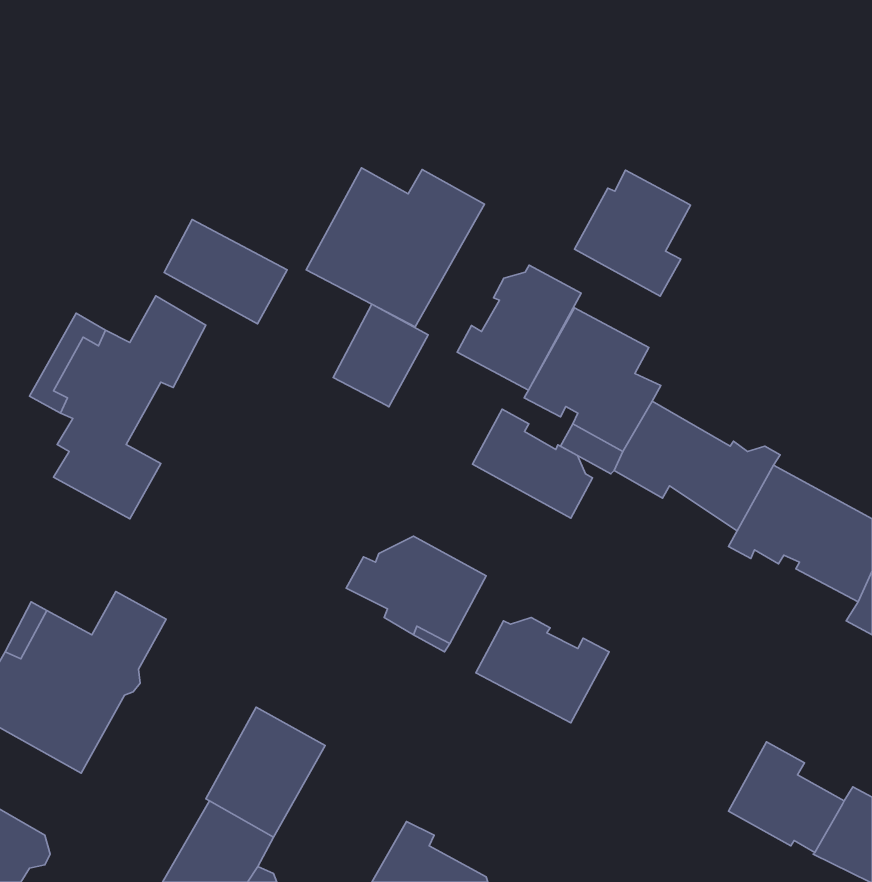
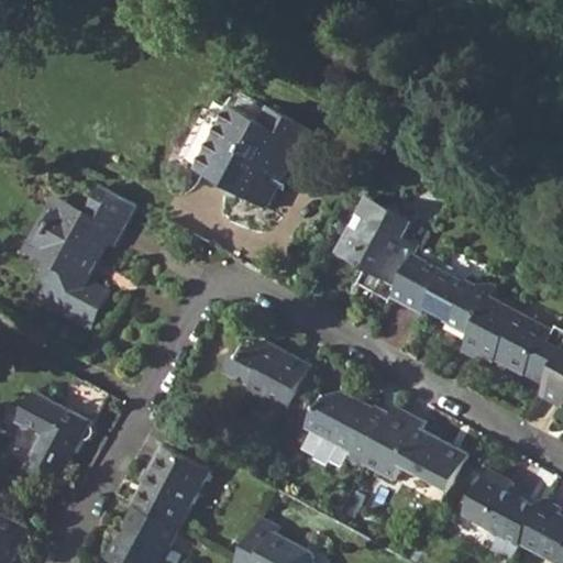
building: [574,170,691,296] -> none
building: [164,219,287,324] -> none
building: [457,265,581,390] -> none
building: [333,304,428,407] -> none
building: [473,409,593,518] -> none
building: none -> [360,406,466,492]

